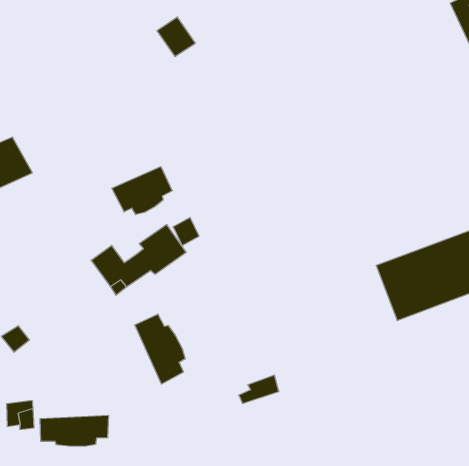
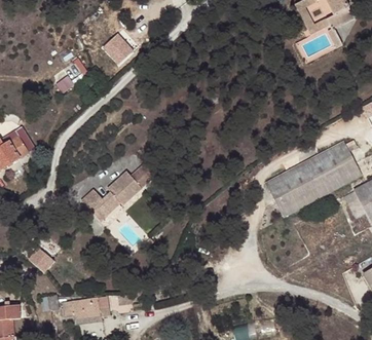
building: [112,167,172,215] -> none
building: [135,314,185,384] -> none

